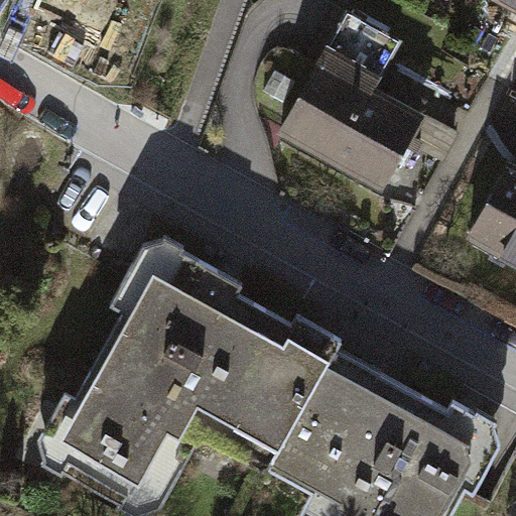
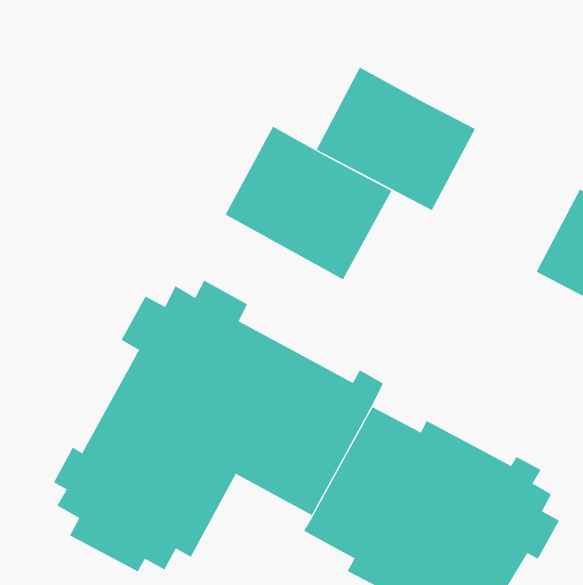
building: [319,12,400,91] -> none
building: none -> [225,126,392,280]

